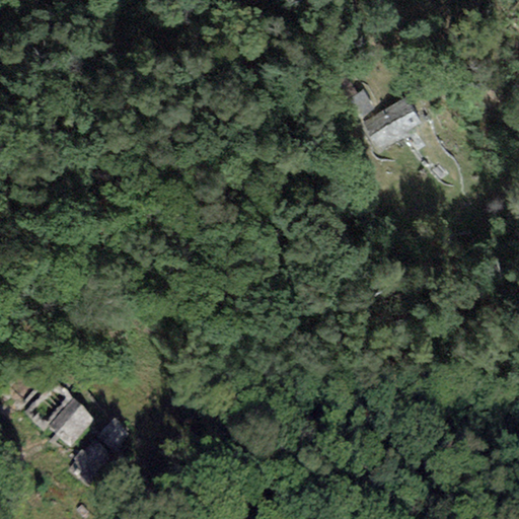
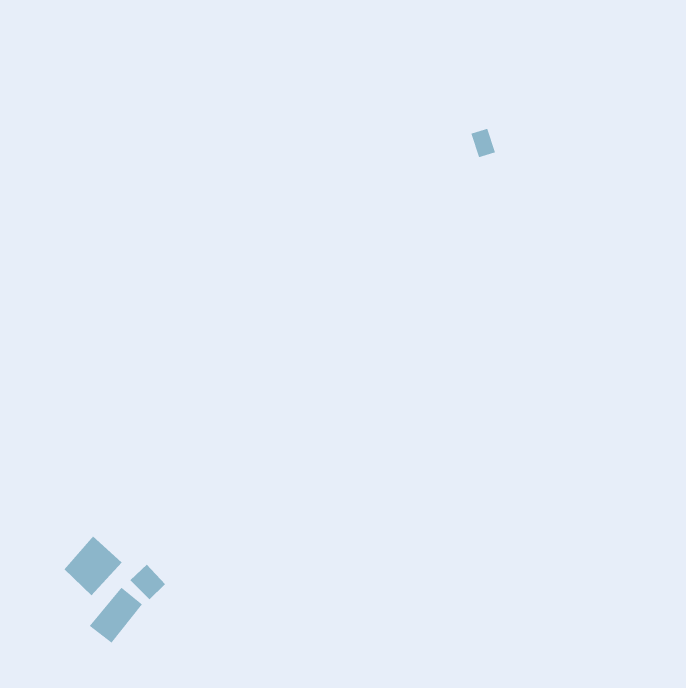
building: [376,86,428,136] -> none

